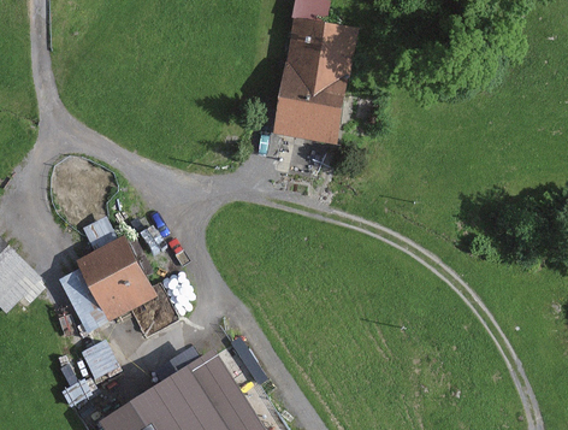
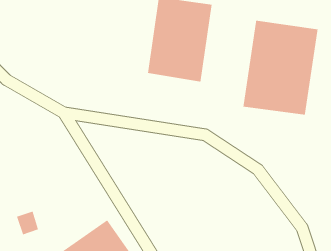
building: none -> [243,20,318,115]
building: [61,238,156,329] -> none

